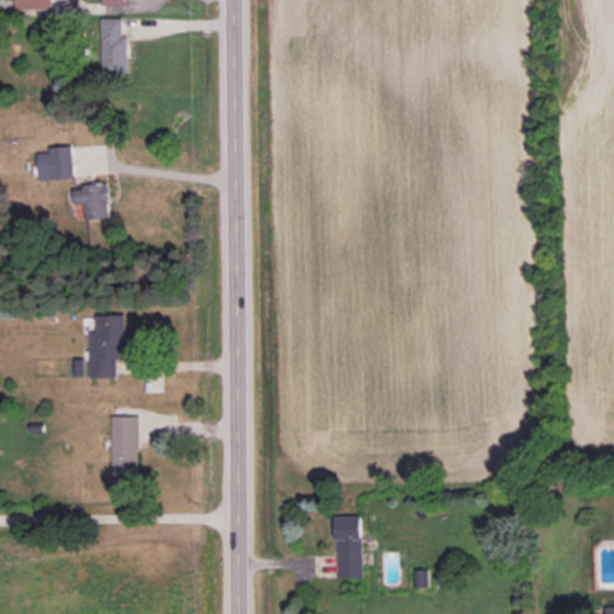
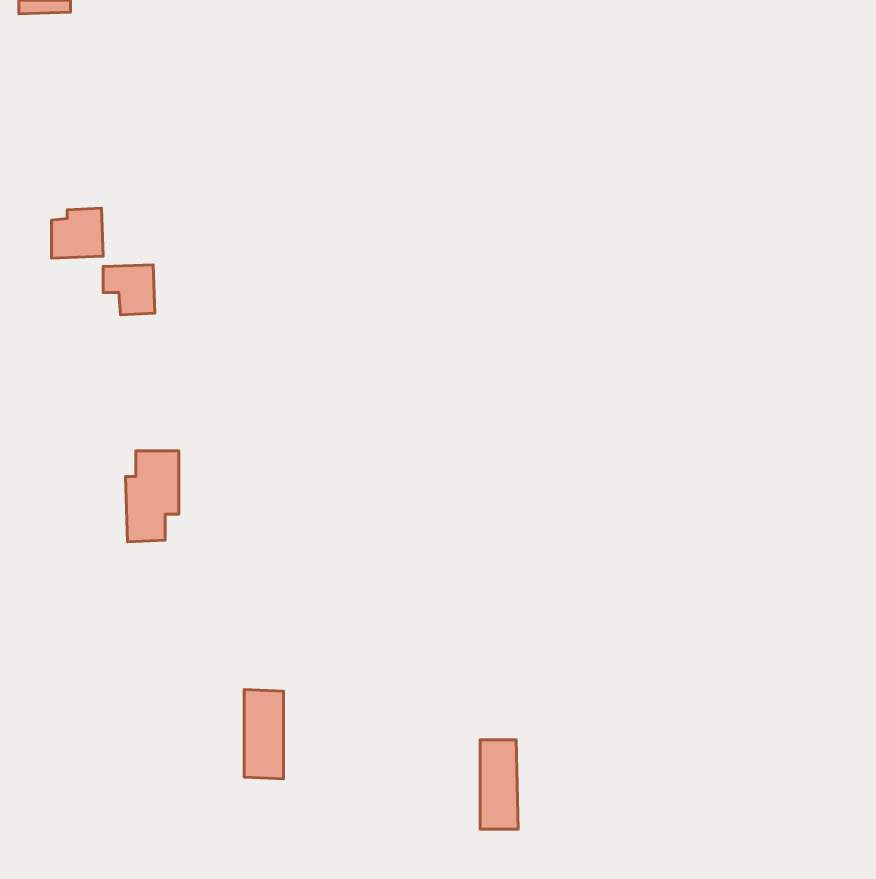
building: [98,18,126,73] -> none
building: [110,415,138,477] -> [244,689,284,779]

